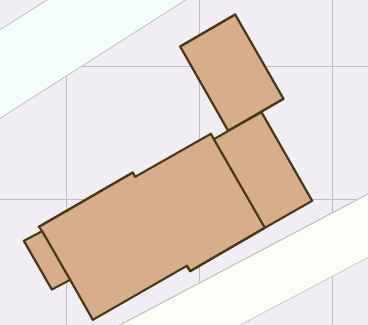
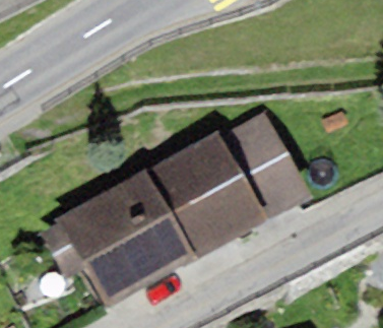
building: [180,15,284,131] -> none

